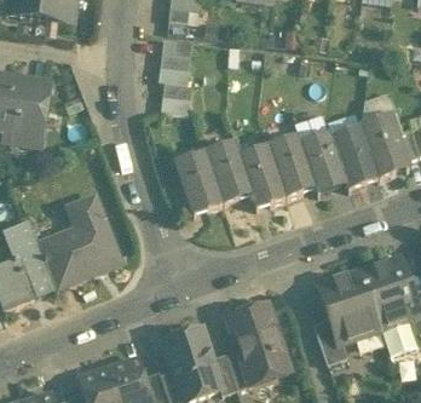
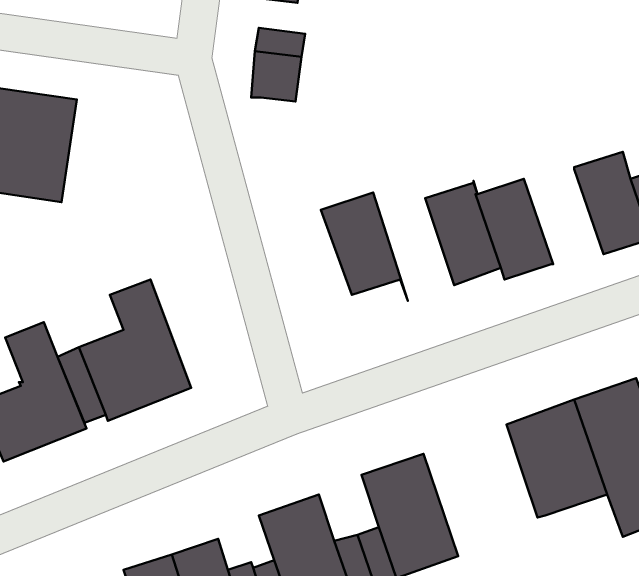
building: [160,80,192,111] -> none
building: [329,125,379,189] -> none
building: [235,139,286,207] -> none
building: [175,150,221,213] -> none
building: [313,317,347,363] -> none

